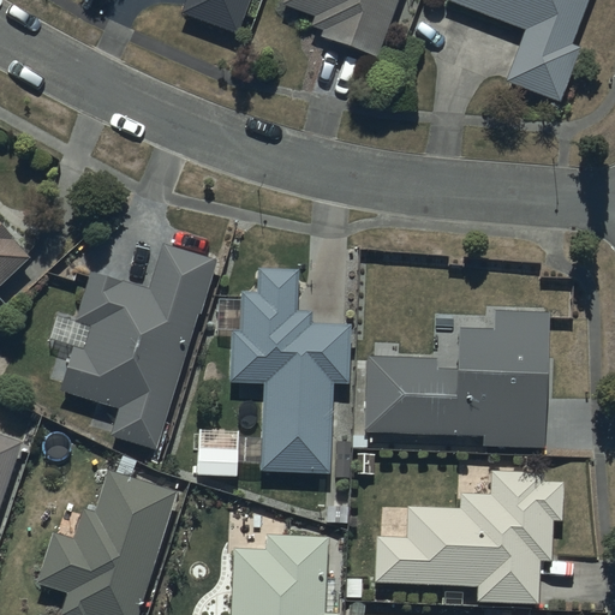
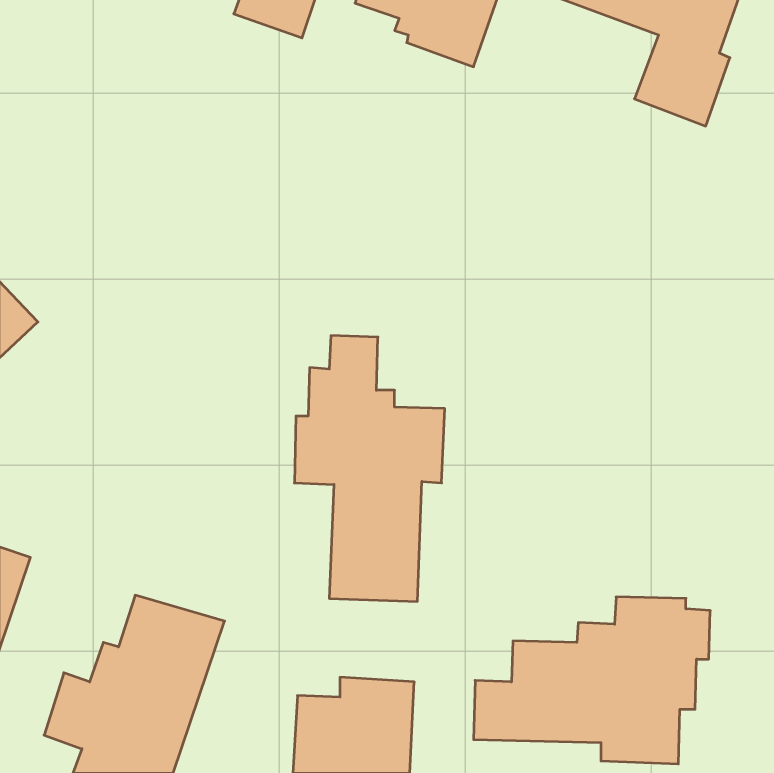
building: [58,240,216,449] -> none
building: [364,309,548,448] -> none

